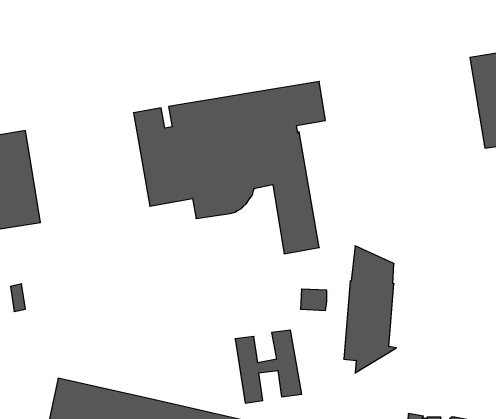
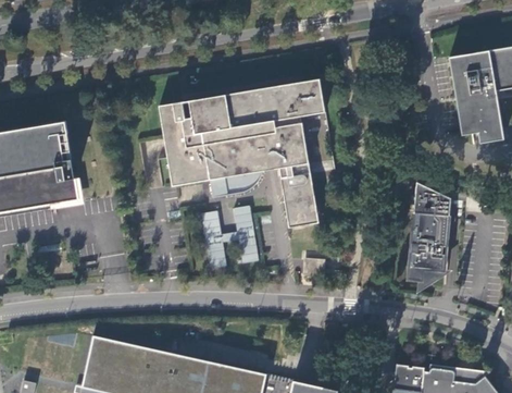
building: [344,246,396,373] -> [409,182,454,292]
building: [235,330,302,403] -> [202,206,260,269]

